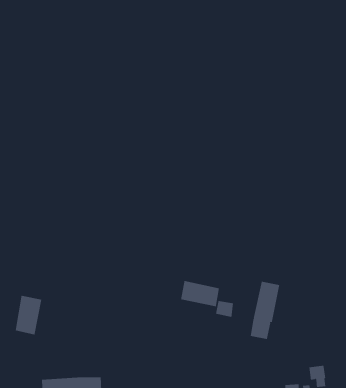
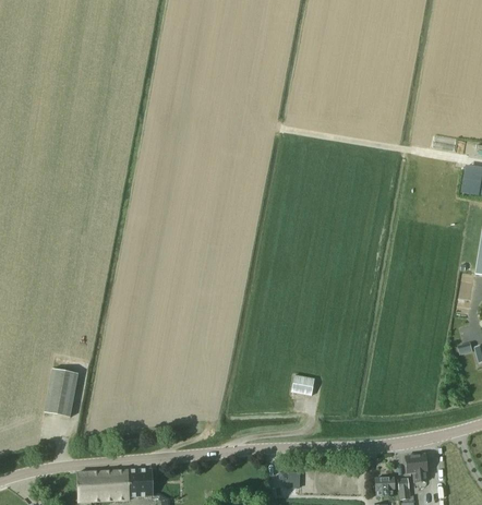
building: [180,280,220,307] -> none
building: [250,281,280,340] -> none

